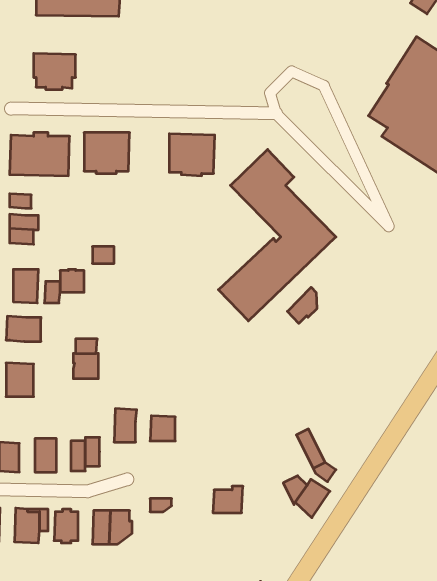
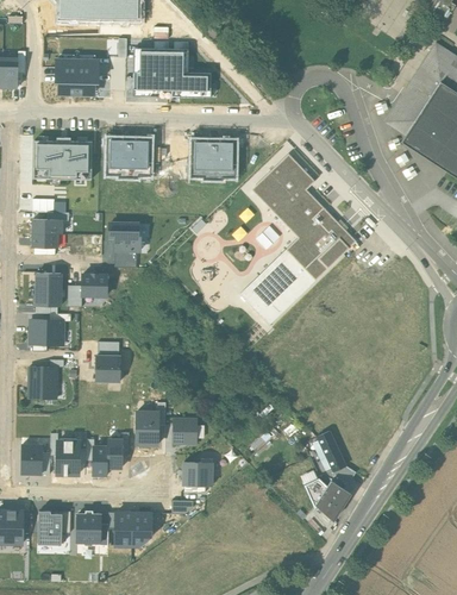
building: none -> [132,48,211,96]
building: none -> [109,223,140,250]
building: [287,287,317,323] -> none
building: [213,486,243,513] -> [182,458,212,484]

